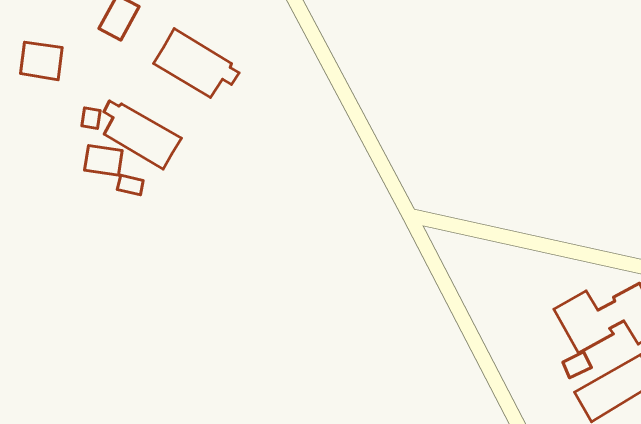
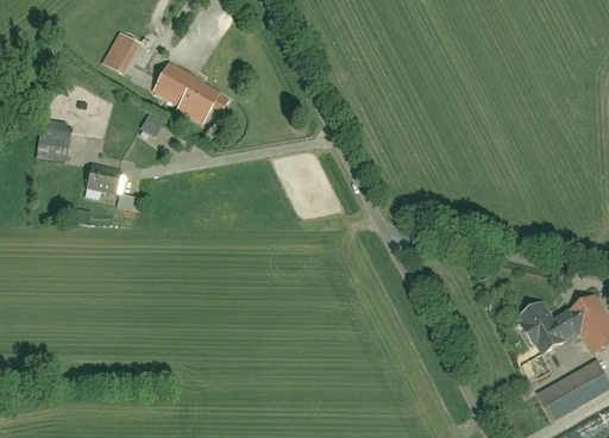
building: [21,42,62,80] -> [37,129,75,163]
building: [104,101,181,169] -> none

